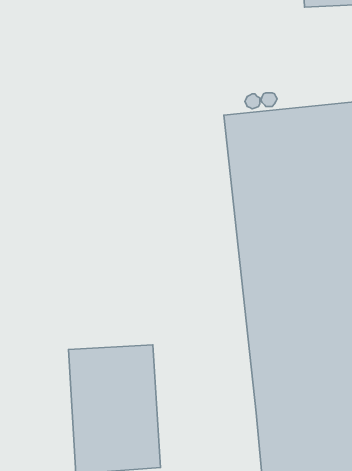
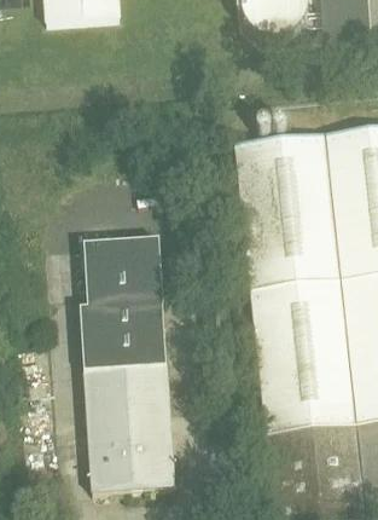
building: none -> [80,238,167,370]

